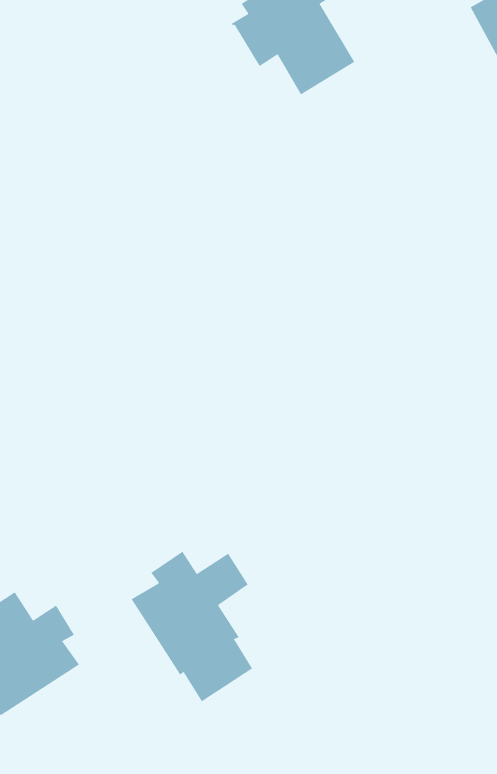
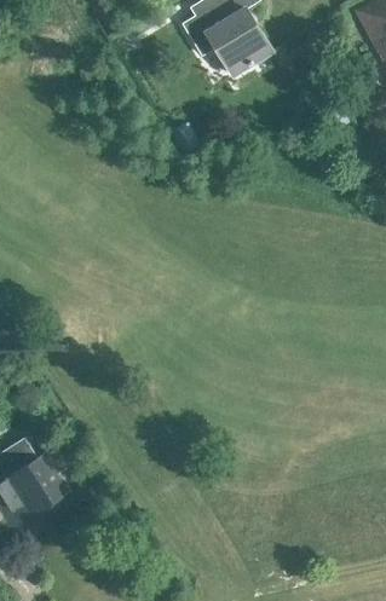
building: [131,551,253,702] -> none

